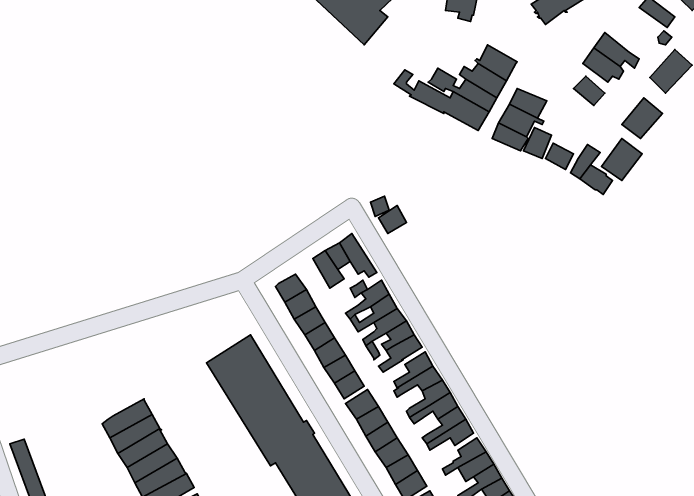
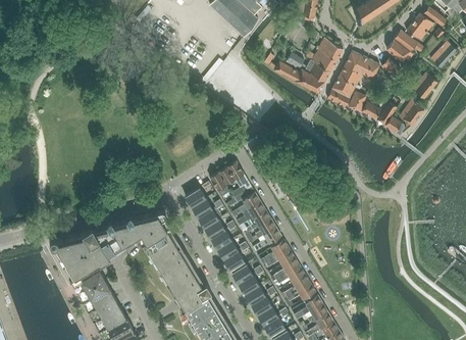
building: none -> [406,13,434,41]
building: none -> [344,51,379,80]
building: none -> [49,211,169,276]

